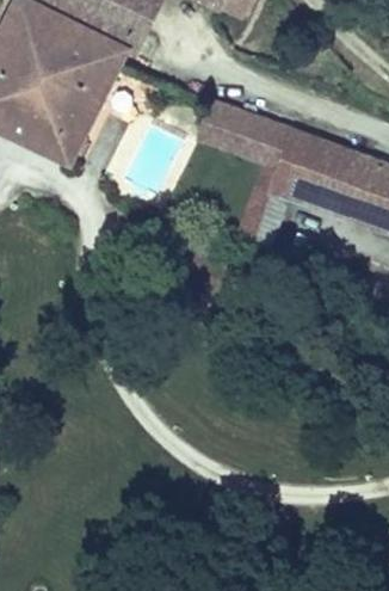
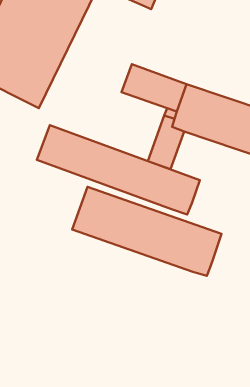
building: none -> [37,125,200,214]
building: none -> [72,187,222,276]

